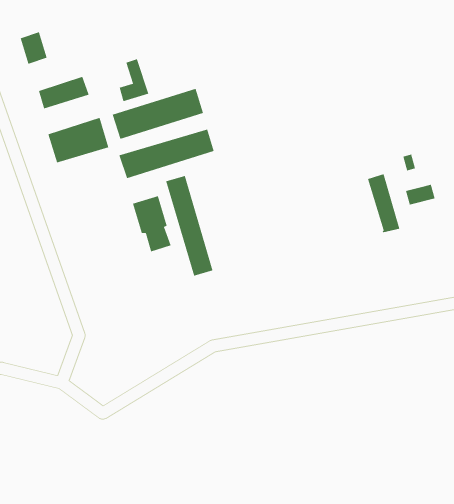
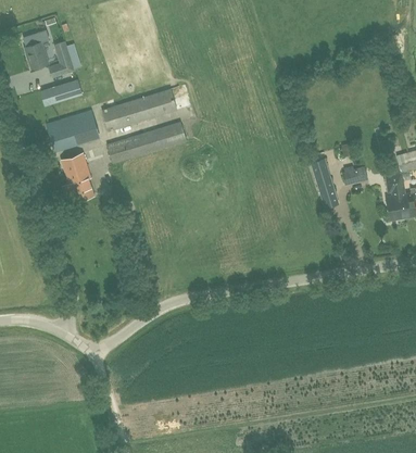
building: [119,58,149,102] -> [49,41,74,77]
building: [166,175,213,276] -> none
building: [132,196,172,252] -> [61,152,93,199]

